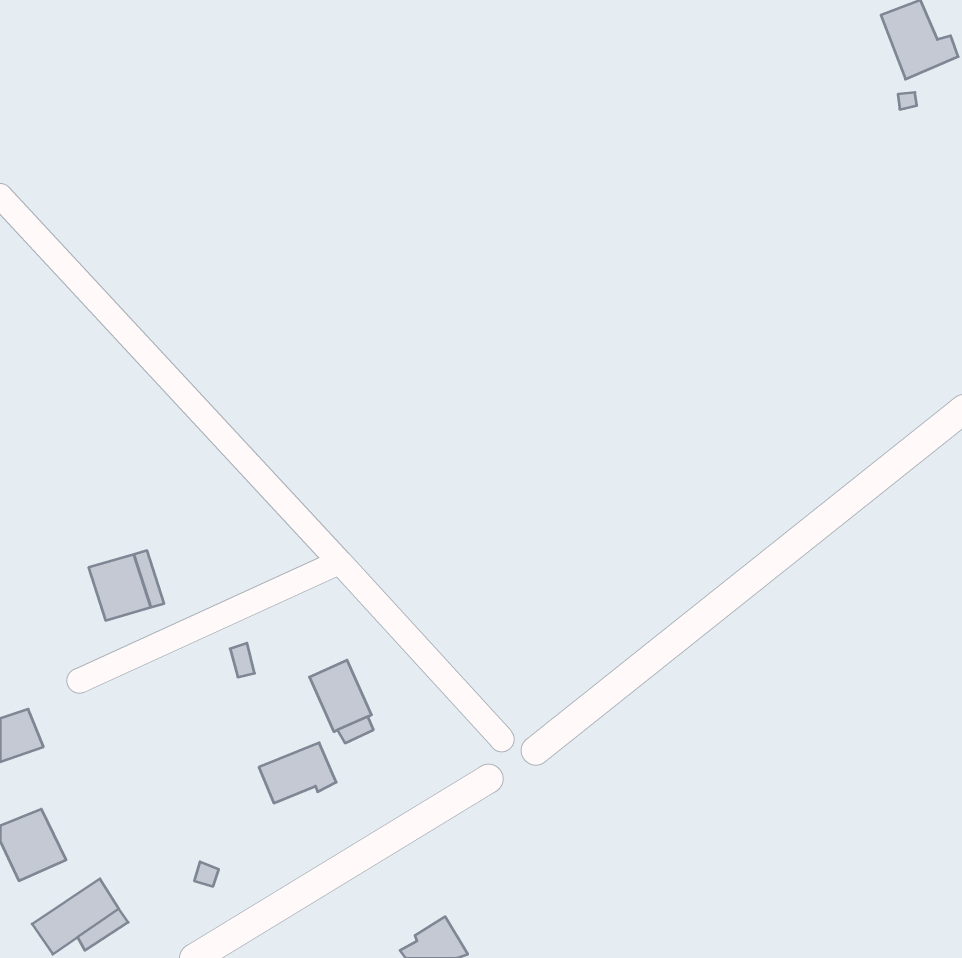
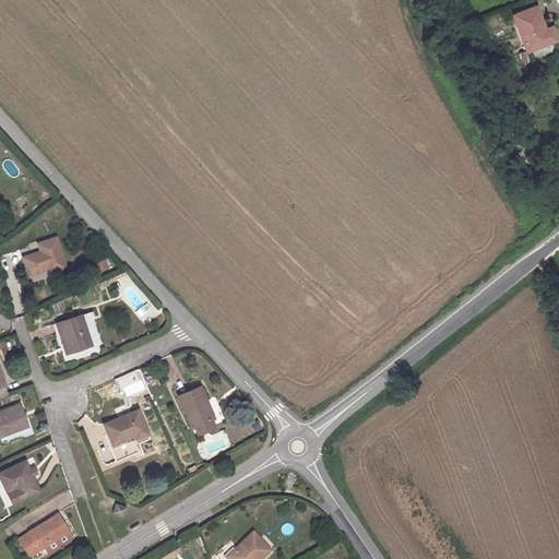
building: none -> [19,238,61,276]
building: [259,743,336,803] -> [102,415,146,450]

